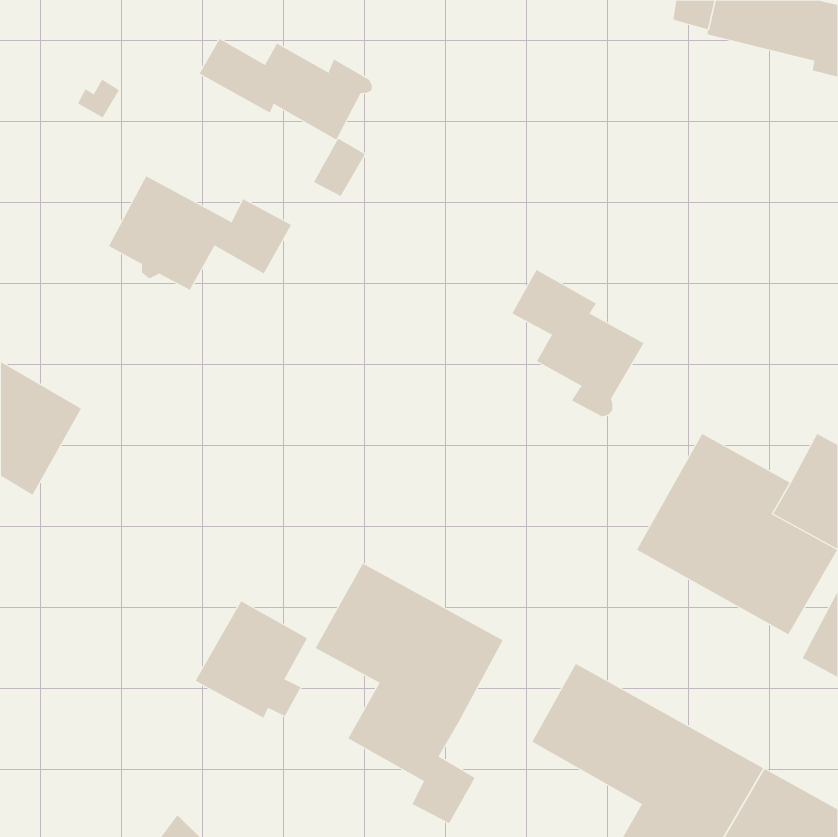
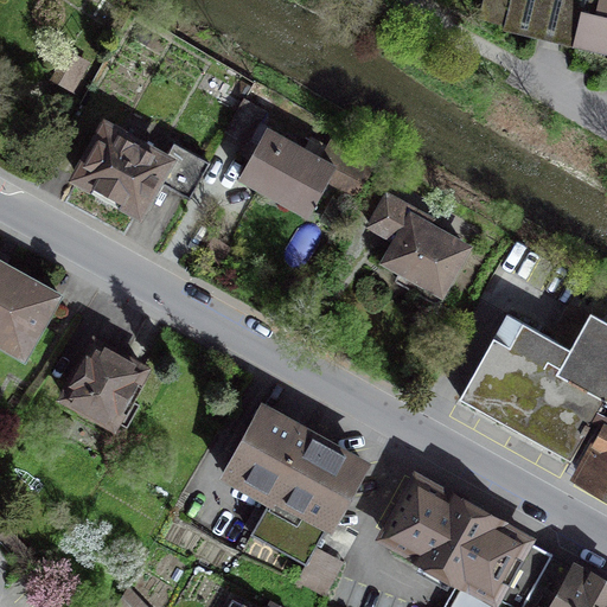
building: [199,38,373,140] -> none
building: none -> [239,129,373,210]
building: [195,600,308,719] -> [62,343,143,428]

